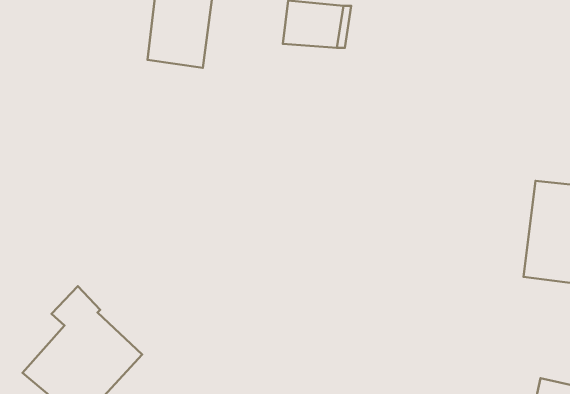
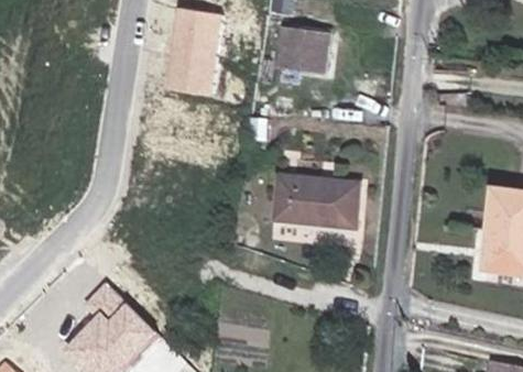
building: none -> [282,184,362,231]

